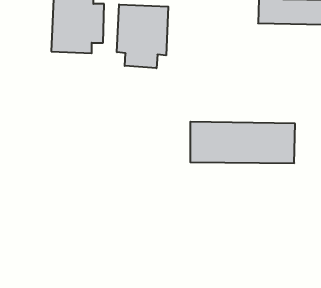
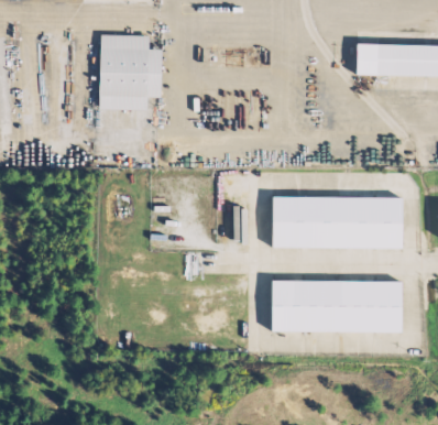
building: [117,4,168,68] -> none
building: none -> [272,280,403,331]

